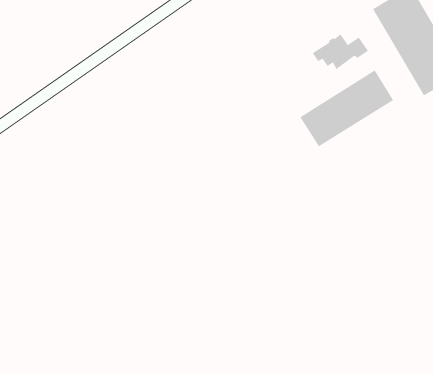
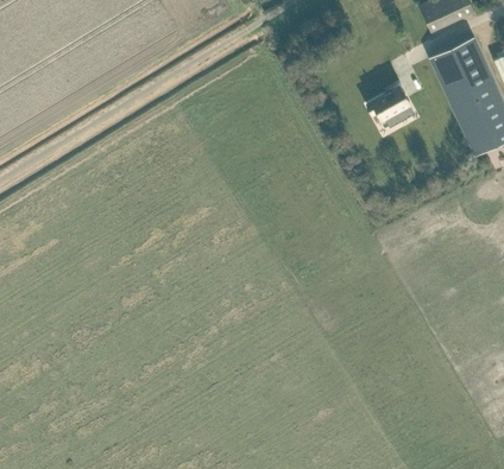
building: [299,69,394,147] -> none

